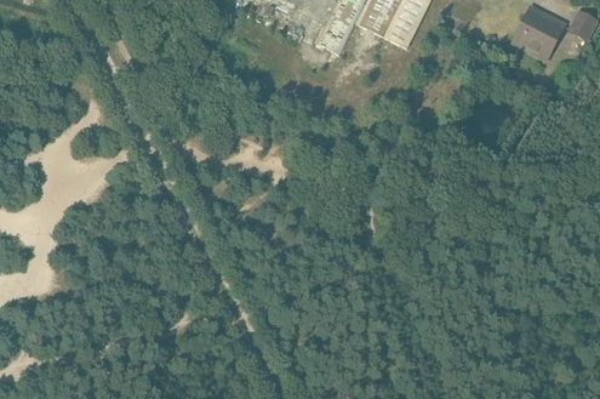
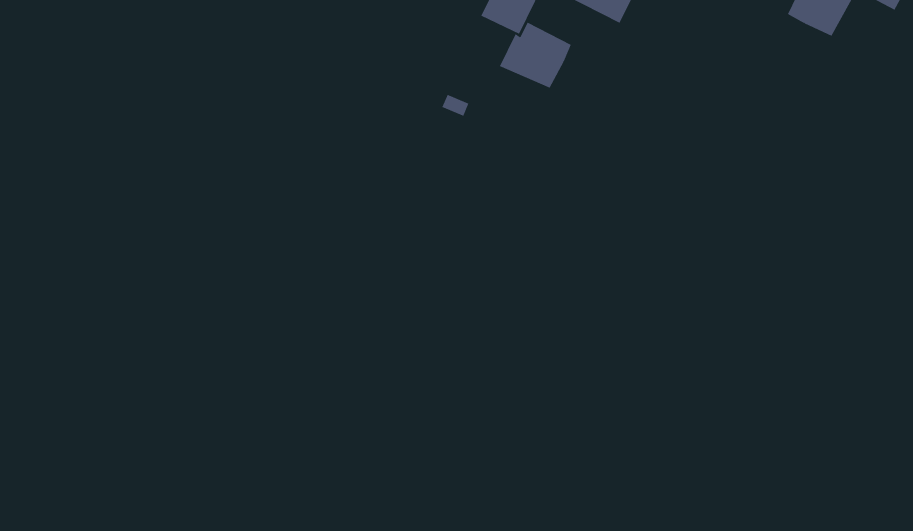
building: none -> [499,22,572,89]

